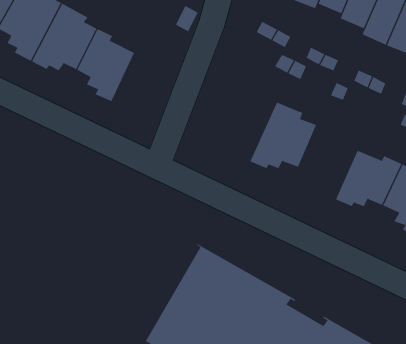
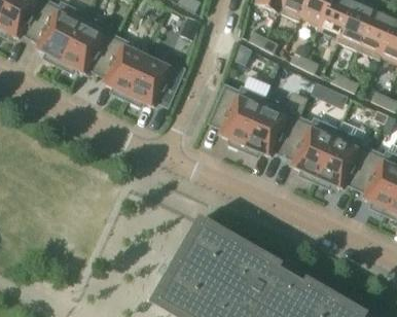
building: none -> [127,58,182,106]
building: none -> [210,86,265,149]
building: none -> [284,118,337,181]

